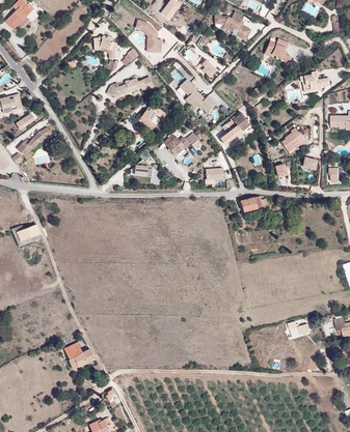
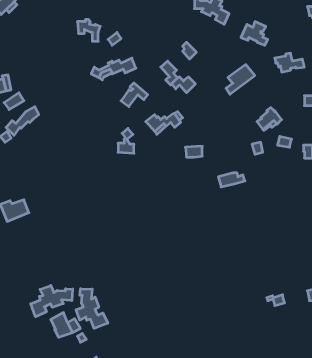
building: [136,20,162,52] -> none
building: [220,113,250,144] -> [226,65,255,94]
building: none -> [31,285,73,317]
building: none -> [76,289,108,328]

